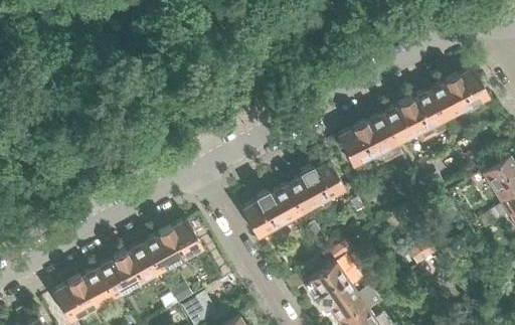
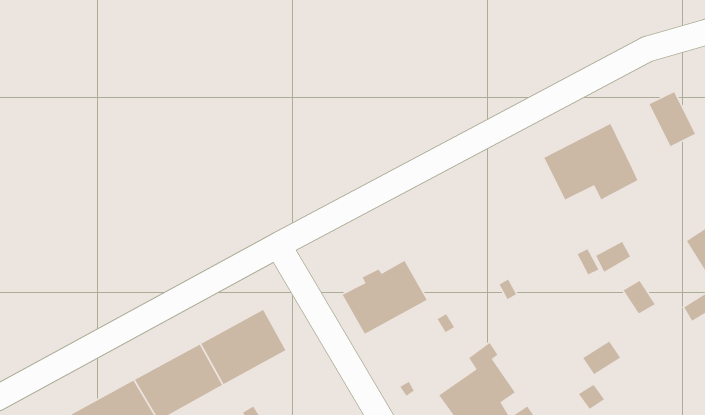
building: [428,75,470,120] -> none
building: [336,113,401,167] -> none
building: [285,160,344,212] -> none

